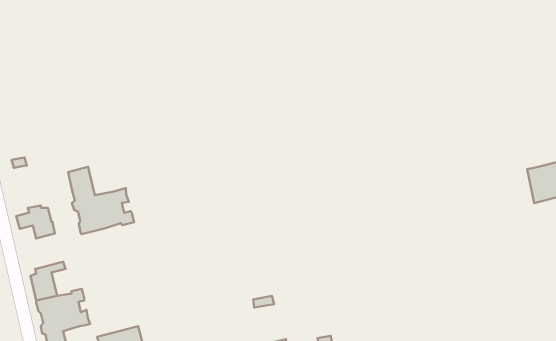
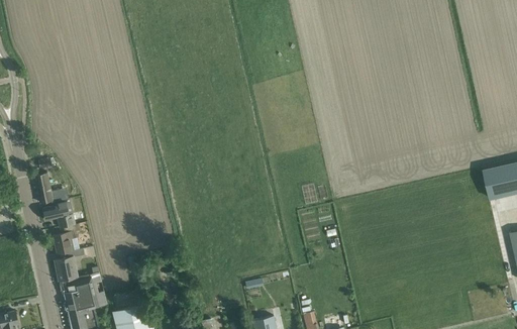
building: [68,167,134,234] -> none
building: none -> [34,173,64,203]
building: none -> [53,224,79,253]

